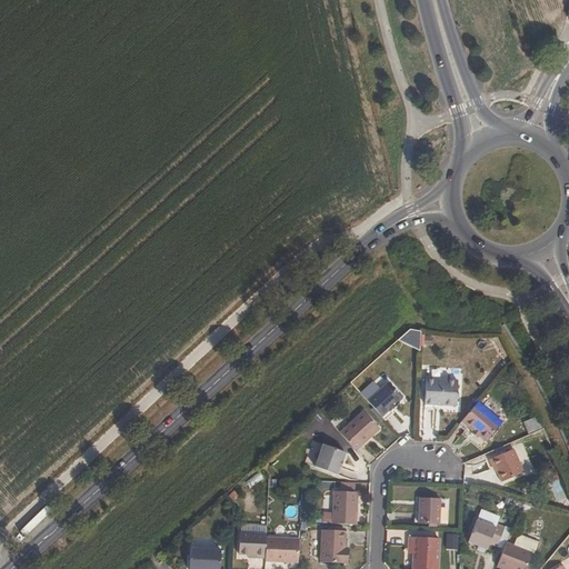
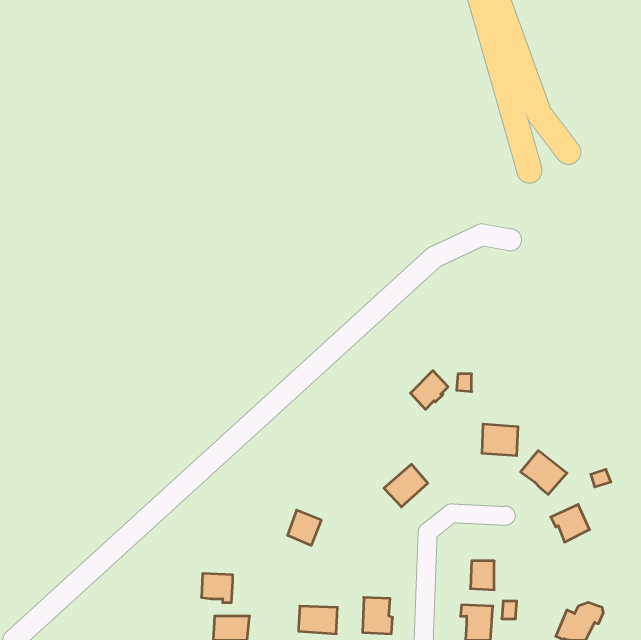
building: [367,380,400,415] -> [410,371,448,409]
building: [315,442,345,473] -> [288,510,321,545]
building: [332,490,357,523] -> none
building: [469,517,506,547] -> none
building: [238,530,266,556] -> [201,574,233,603]

